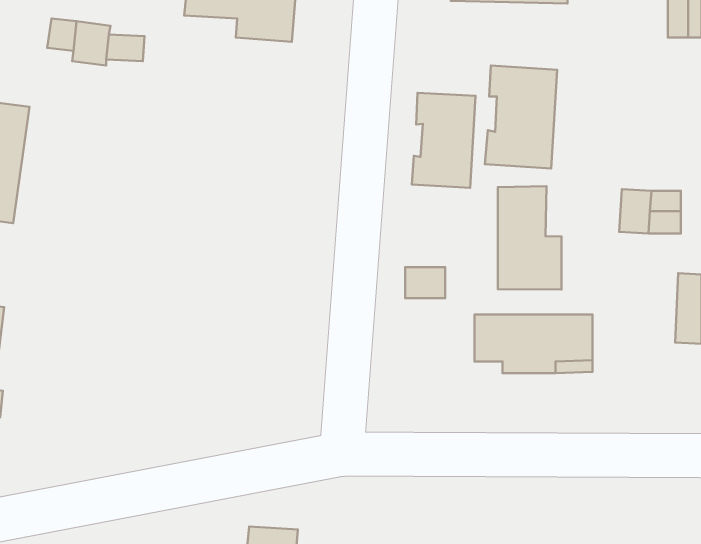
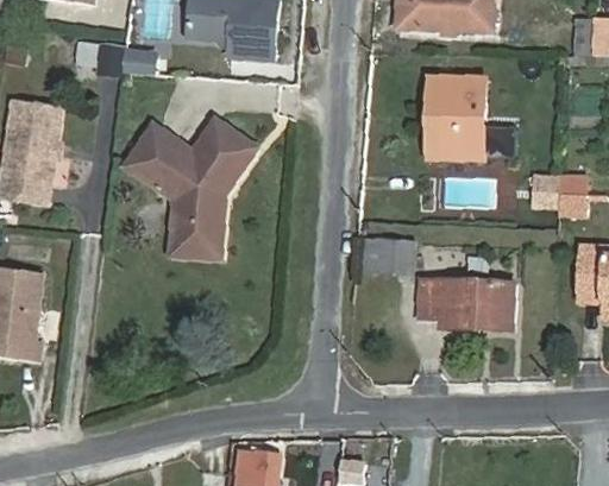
building: [412,93,476,188] -> none
building: none -> [126,122,252,255]
building: [498,186,562,290] -> none

